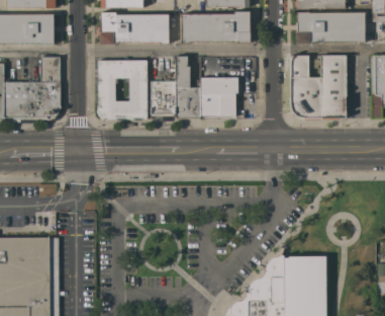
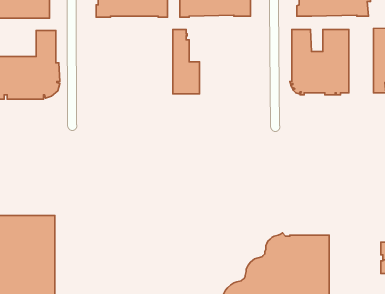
building: [96,60,147,121] -> none
building: [201,76,239,118] -> none
building: [151,81,175,118] -> none

